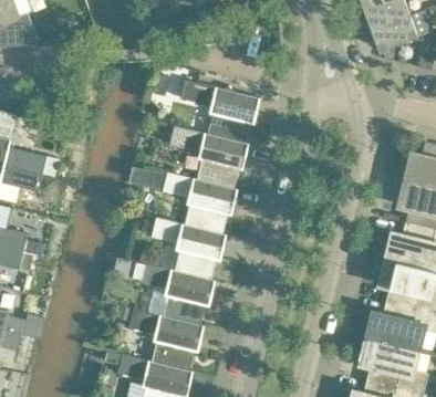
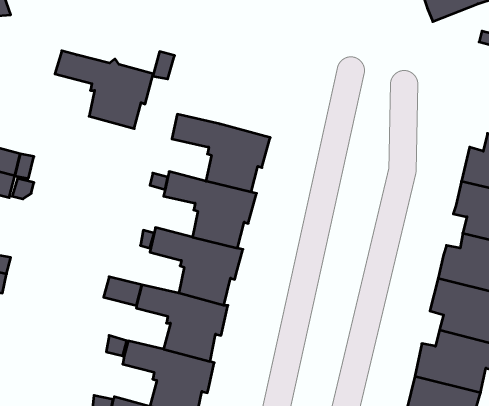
building: [180,80,260,143] -> [55,51,153,129]

